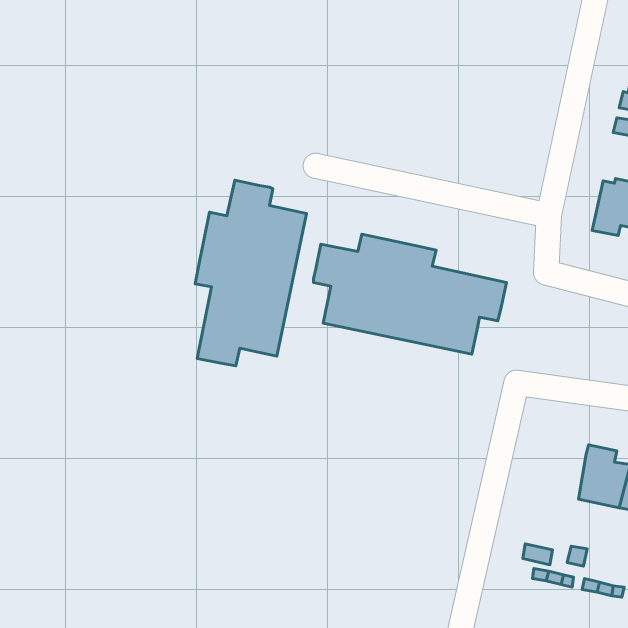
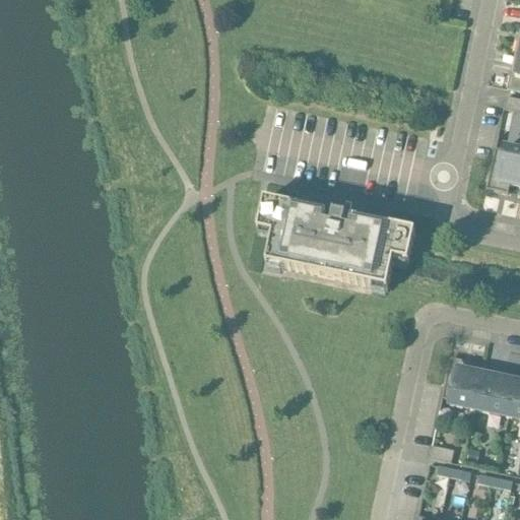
building: [195,180,307,366] -> none
building: none -> [445,358,484,409]

